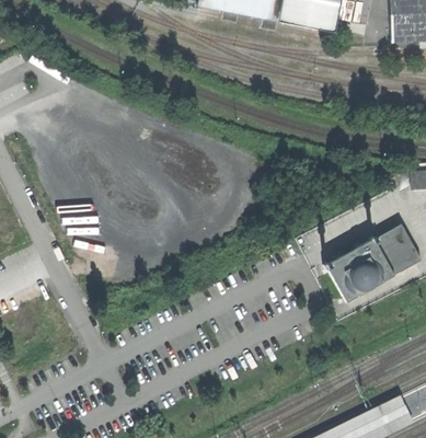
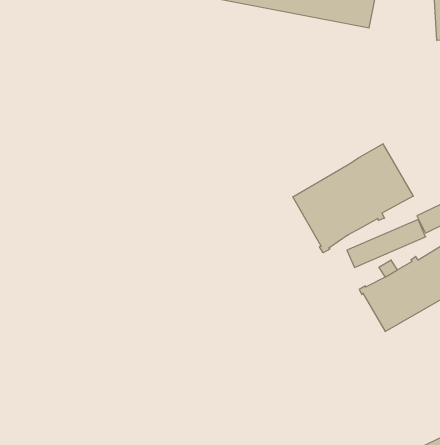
building: none -> [293,144,413,253]

